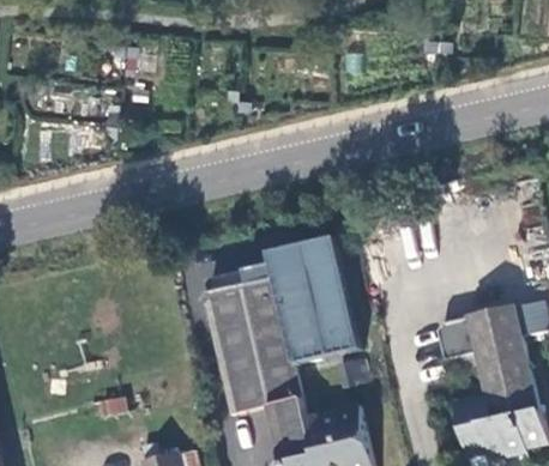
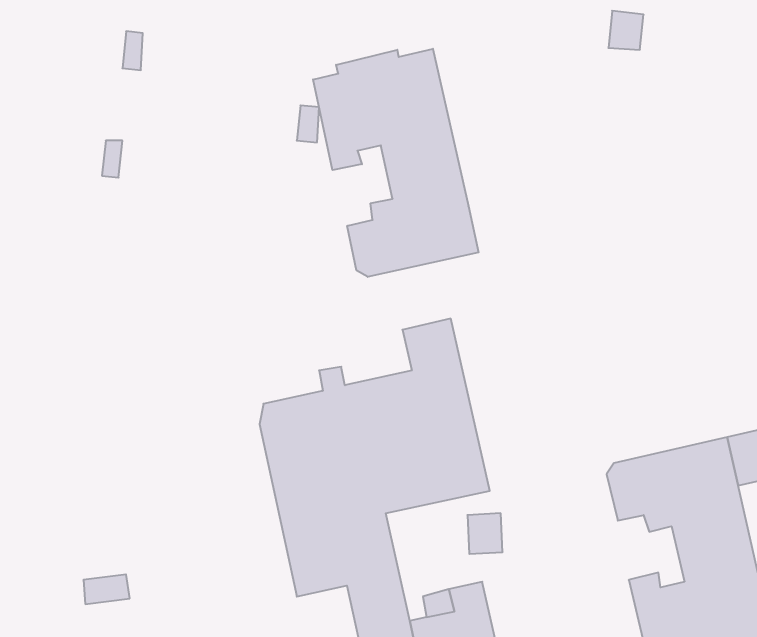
building: none -> [313,49,479,277]

